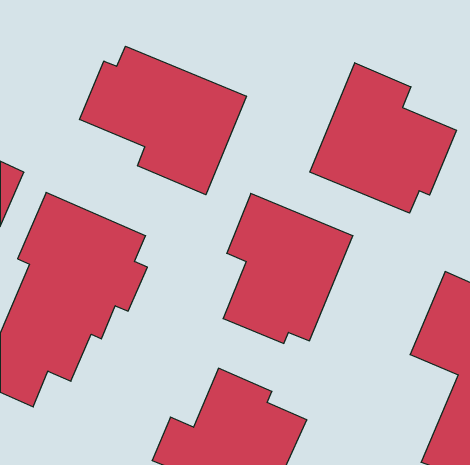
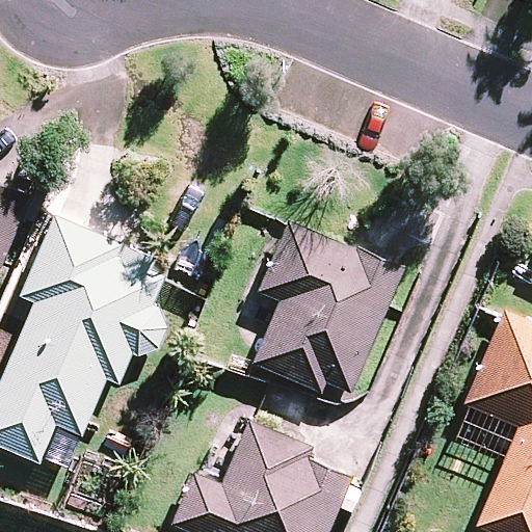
building: [80,46,246,195] -> none
building: [310,63,456,213] -> none

